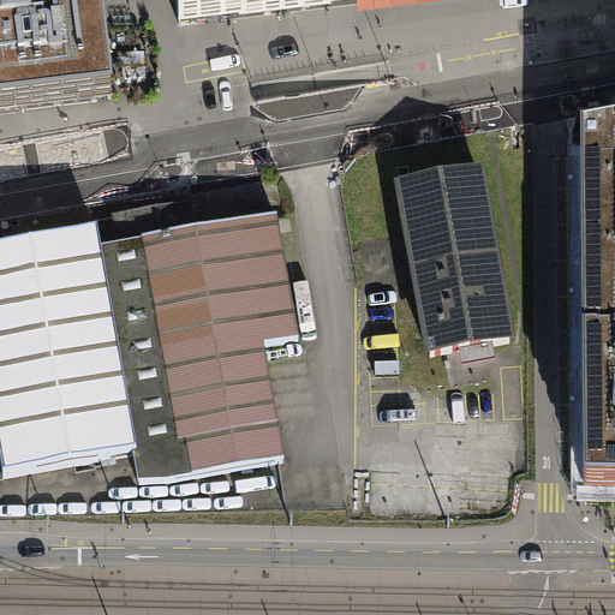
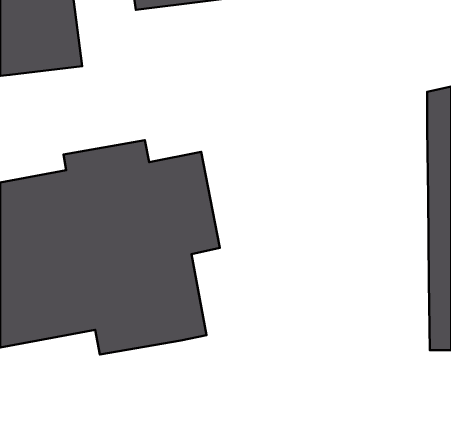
building: [393,169,508,357] -> none

